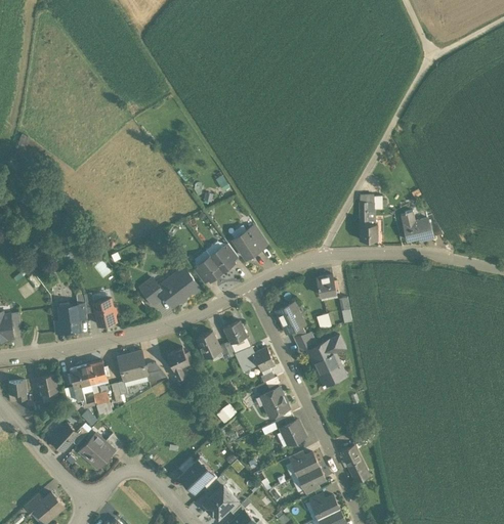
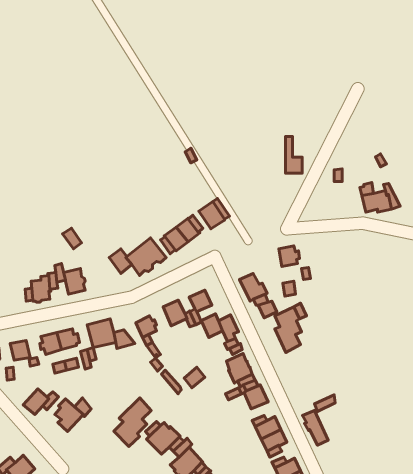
building: [360,203,377,241] -> [285,137,302,173]
building: none -> [114,398,151,447]

